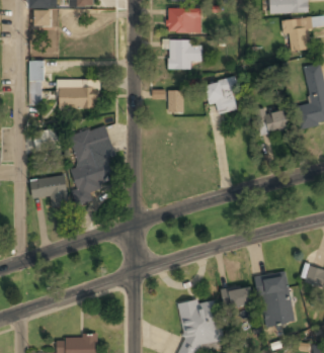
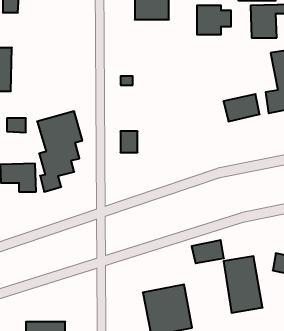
building: [167,39,201,69] -> [197,5,231,35]
building: [205,77,241,114] -> none
building: [57,80,97,108] -> none
building: [166,90,183,111] -> [120,131,138,152]
building: [221,285,253,308] -> [192,240,224,263]

